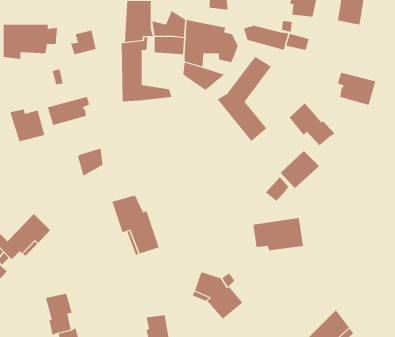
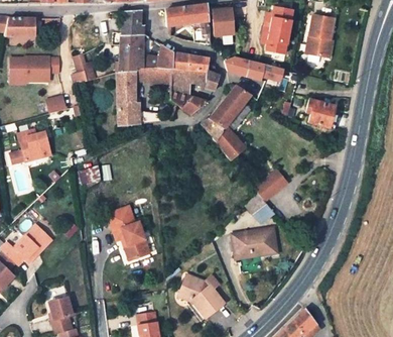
building: [47,96,90,126] -> none
building: [289,102,335,146] -> none

